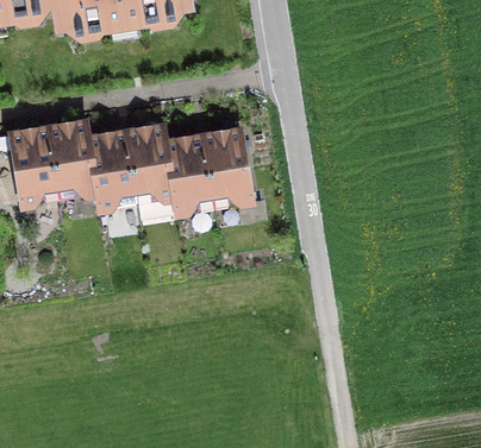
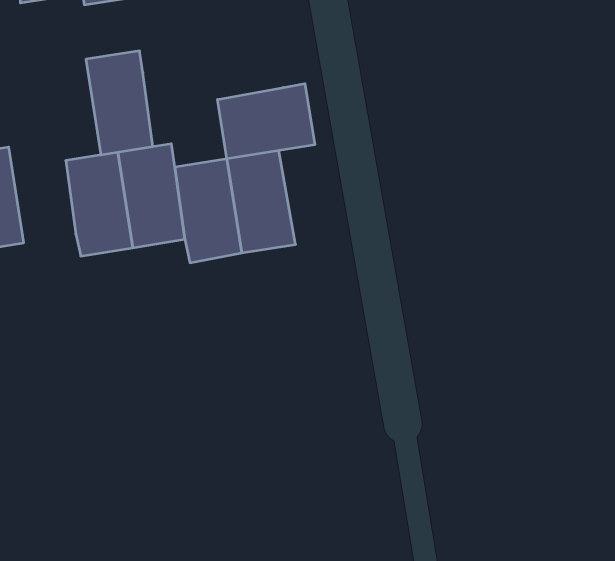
building: none -> [218,84,315,159]
building: [46,121,94,195] -> [86,51,153,155]

